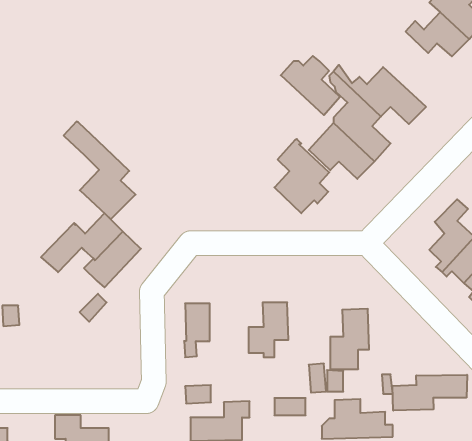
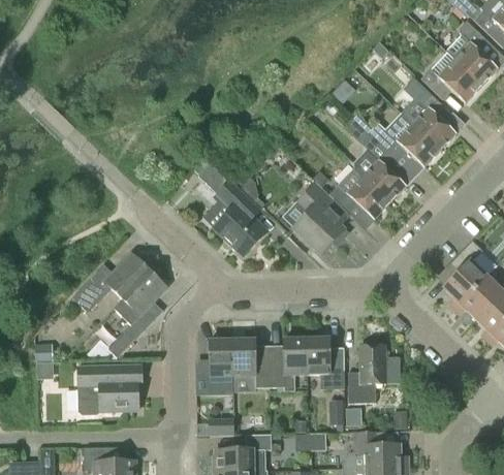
building: [281,56,340,115] -> [400,94,456,151]
building: [64,122,136,219] -> [198,161,267,255]
building: none -> [308,338,345,389]
building: none -> [231,339,271,391]
building: none -> [77,366,139,413]
building: [392,375,467,411] -> none

